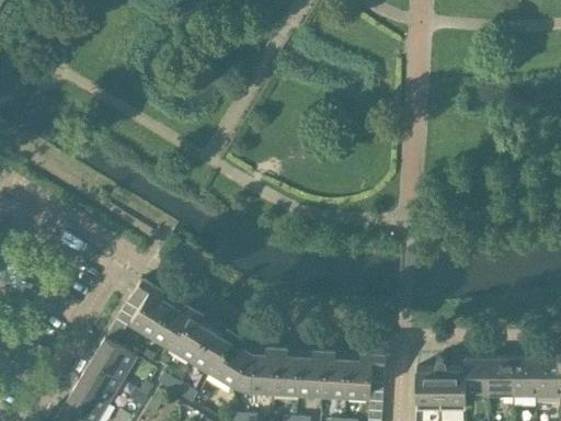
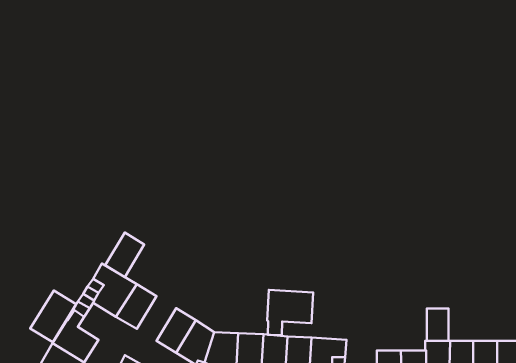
building: none -> [267,290,313,335]
building: none -> [30,291,76,342]
building: [175,314,215,359] -> [105,232,144,277]
building: none -> [427,308,449,341]

